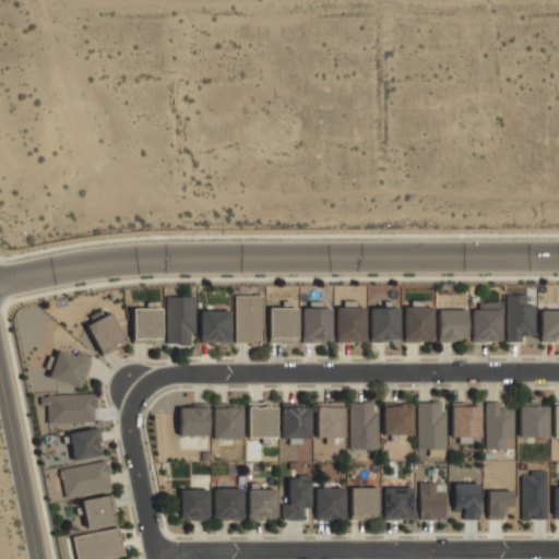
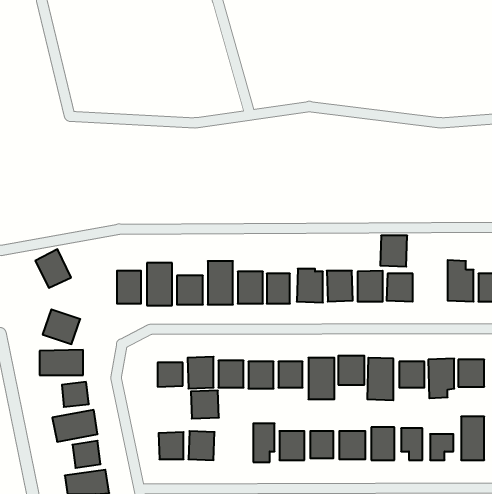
building: [473,307,503,342] -> [380,236,407,267]
building: [87,312,128,356] -> [35,249,71,288]
building: [247,490,278,522] -> [191,391,219,419]

